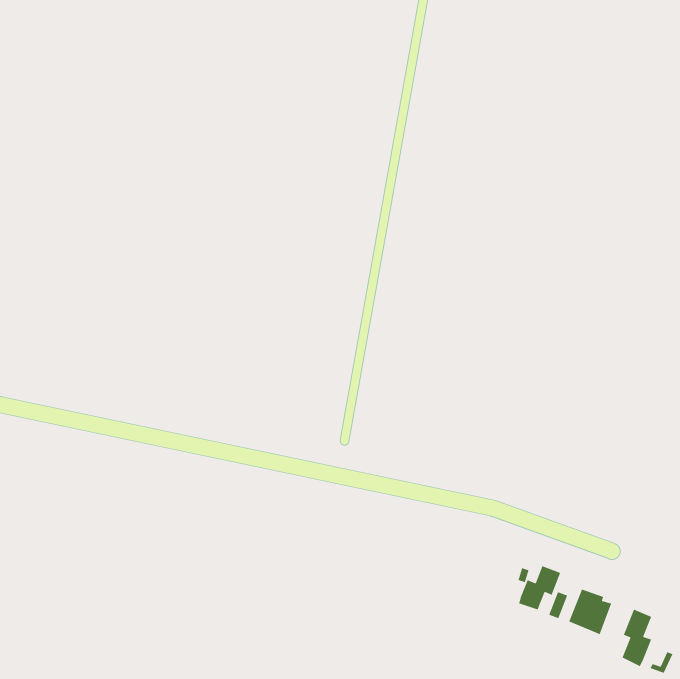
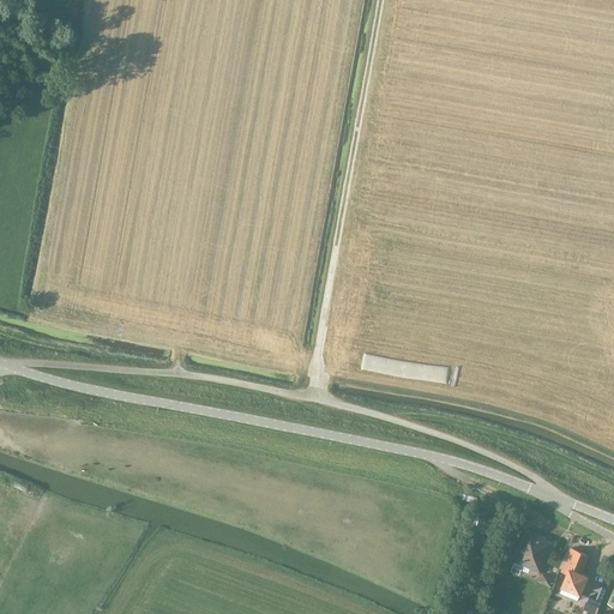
building: [518,565,561,610] -> none

